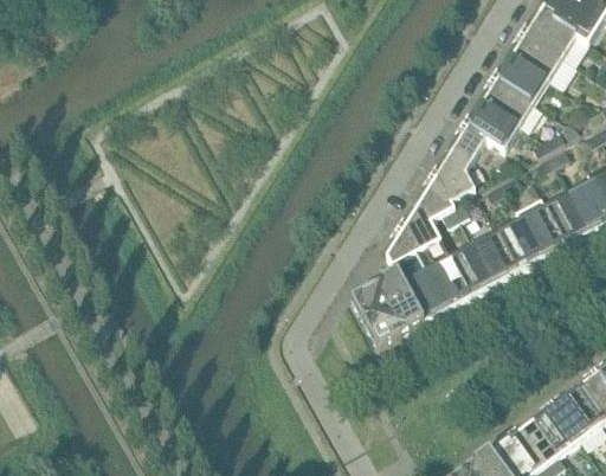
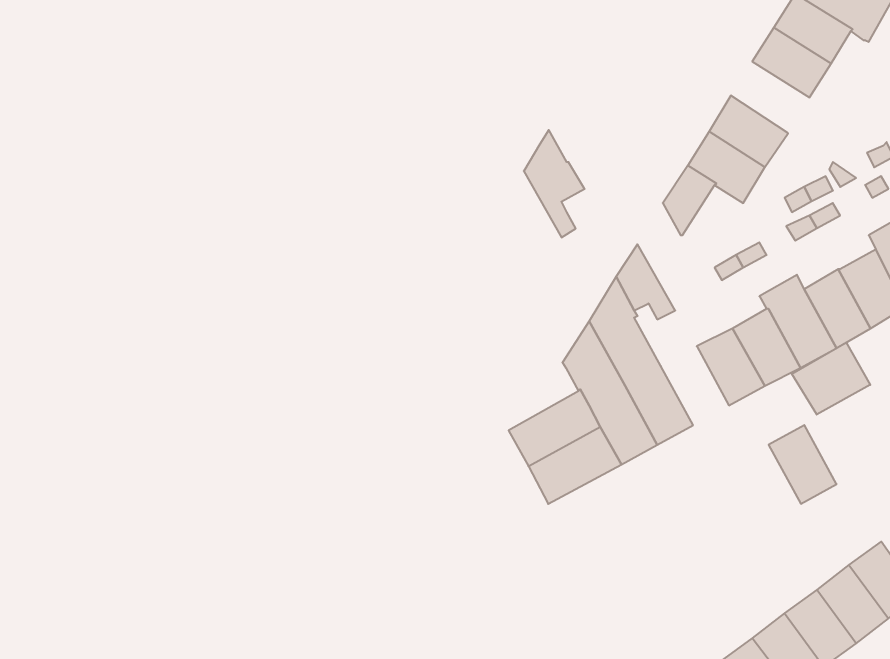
building: [498,52,550,99] -> none
building: [437,146,477,217] -> [524,130,585,237]
building: none -> [792,343,870,415]
building: [452,240,497,292] -> [769,425,837,504]

